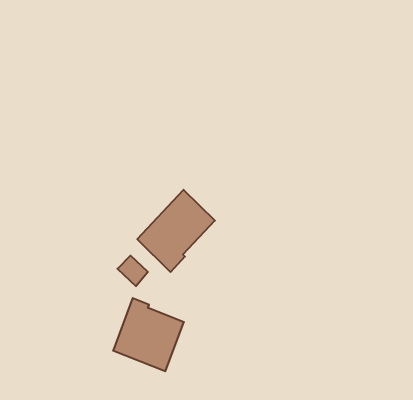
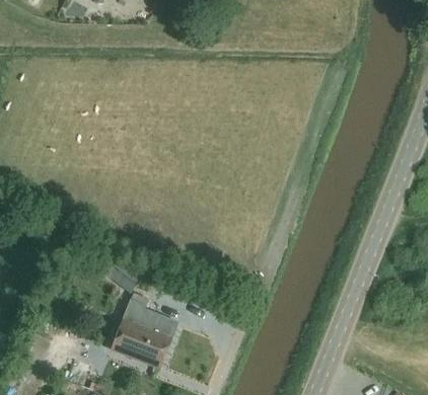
building: [137,190,215,272] -> none

